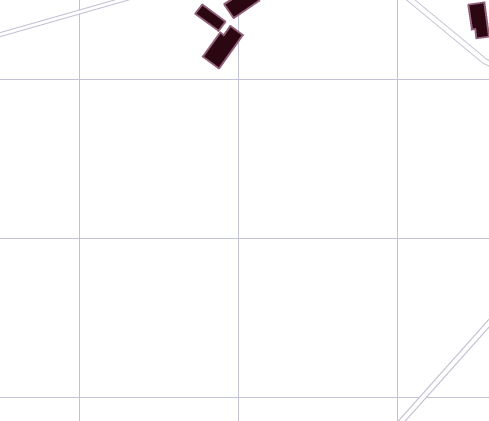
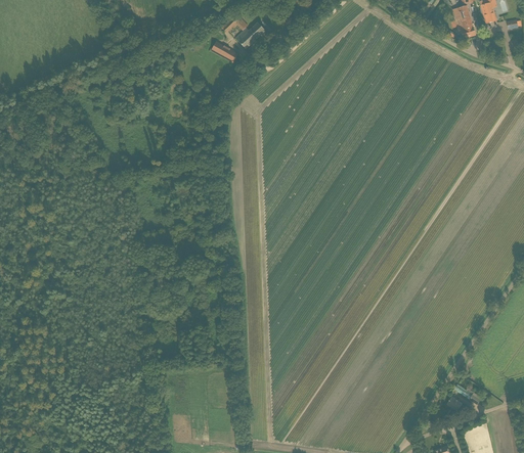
building: [203,26,243,68] -> none

